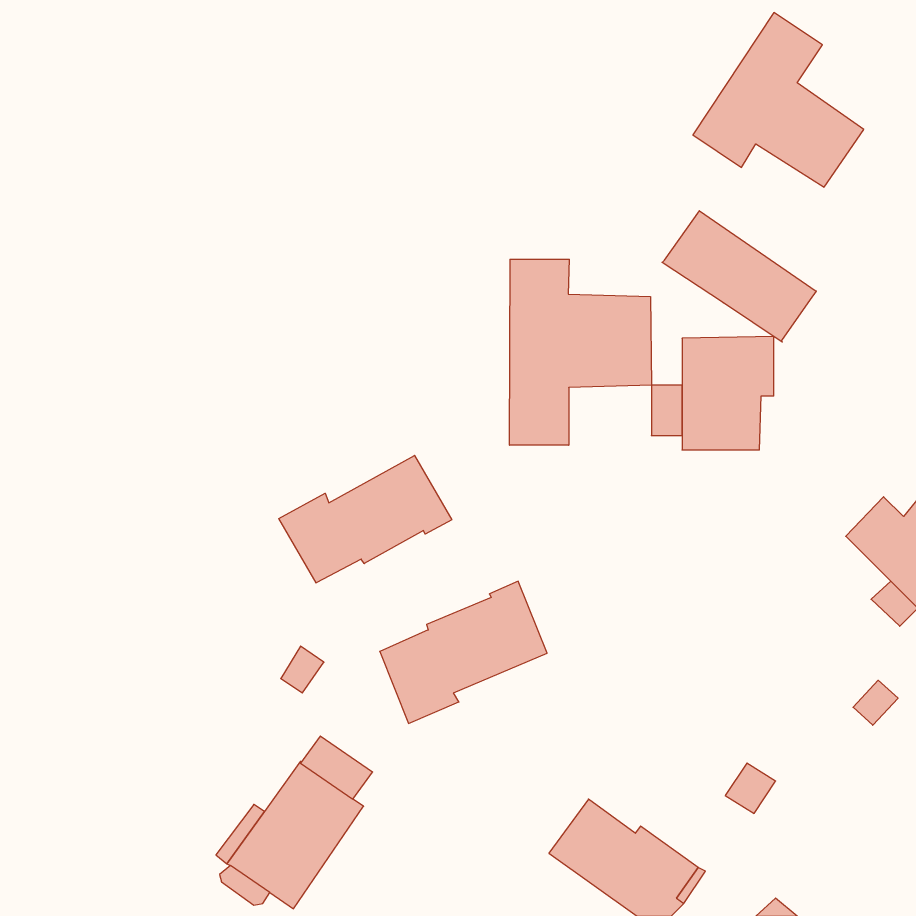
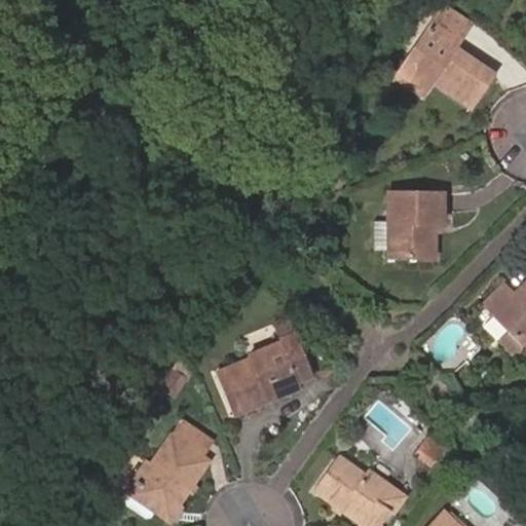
building: [662,211,816,342] -> none
building: [510,259,651,445] -> none
building: [279,455,452,583] -> none

